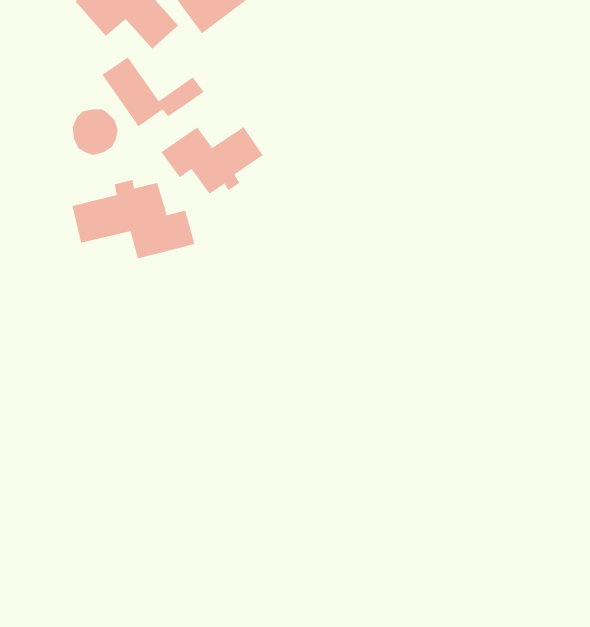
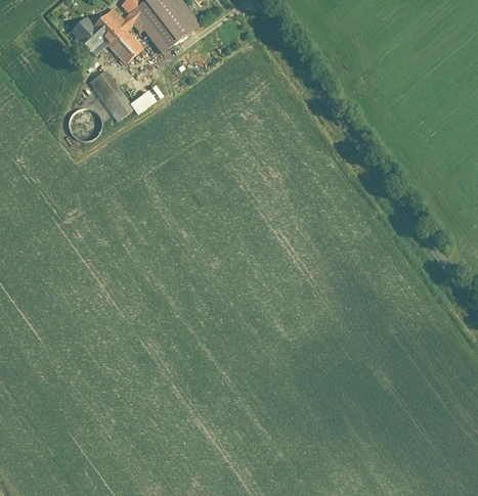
building: [160,126,263,195] -> none
building: [72,179,195,259] -> none

